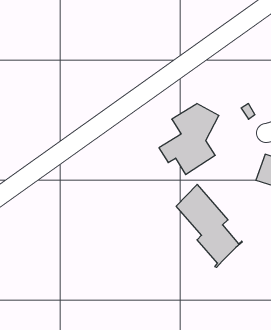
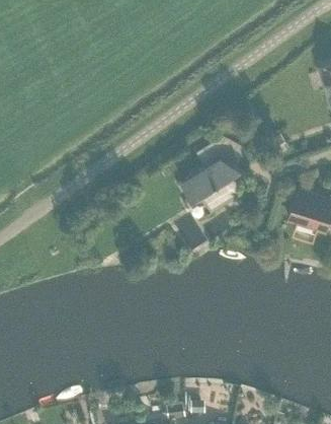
building: [176,184,242,267] -> none

